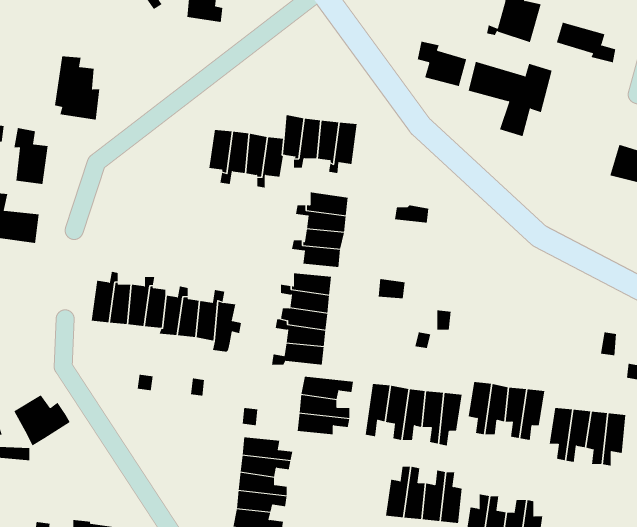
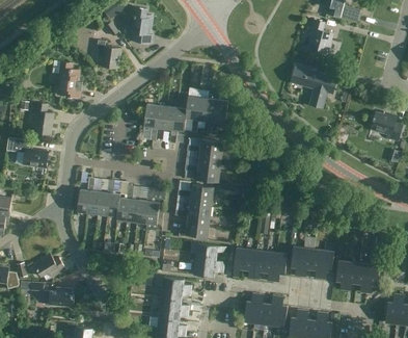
building: none -> [96,41,120,70]
building: [556,22,616,63] -> none
building: [417,41,467,87] -> none
building: none -> [46,289,74,307]

